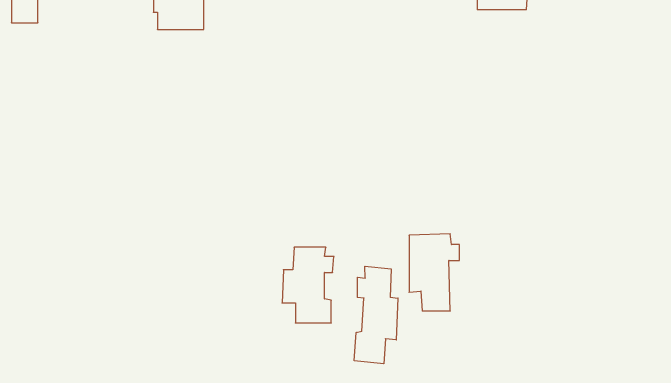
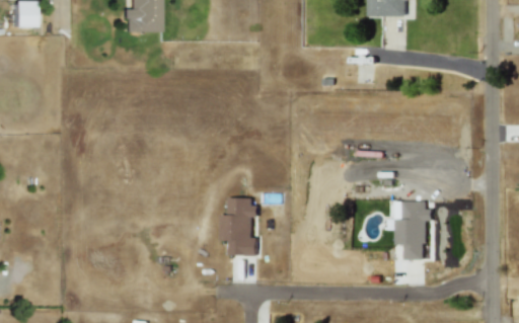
building: [409,234,459,311] -> [395,200,434,259]
building: [354,266,398,364] -> none

